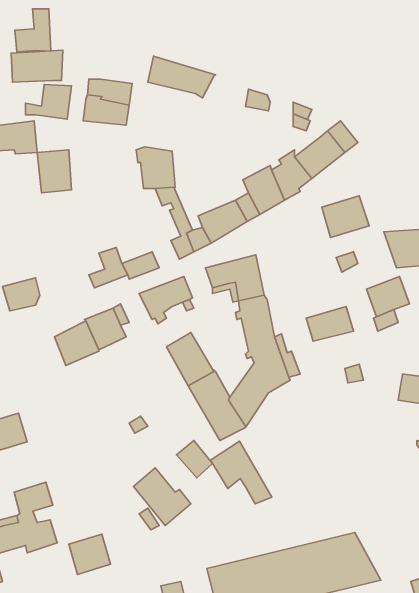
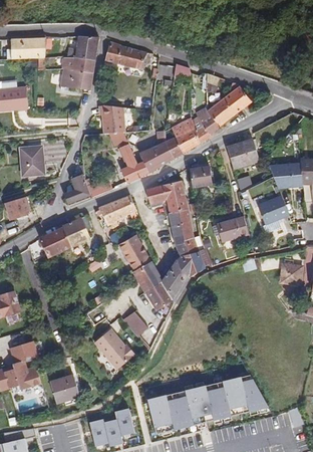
building: [15,9,51,52] -> none
building: [26,84,72,119] -> [65,36,97,60]
building: [37,150,72,193] -> [20,146,44,176]
building: none -> [190,166,212,187]
building: [211,441,272,504] -> none

